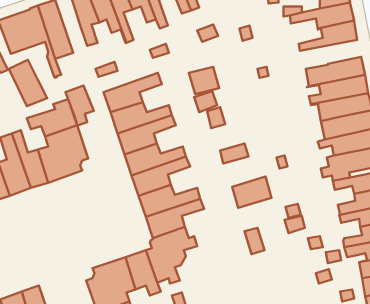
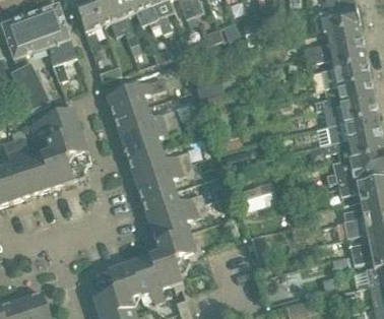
building: none -> [304,43,367,67]
building: [66,86,94,126] -> none

